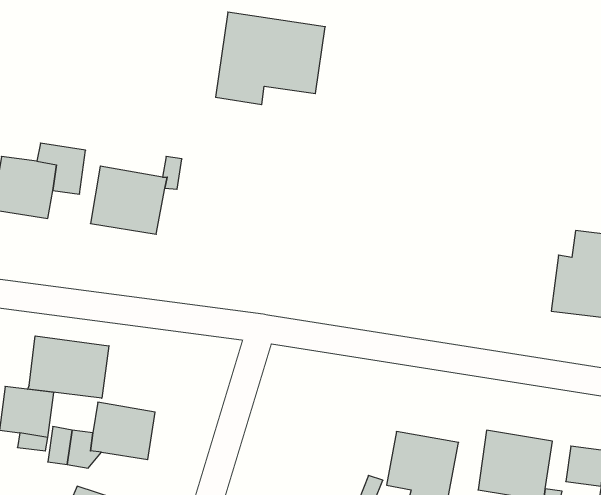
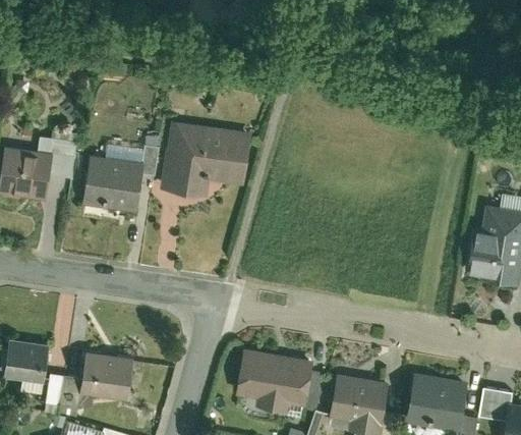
building: [216,12,325,105] -> [162,117,253,195]
building: [28,336,109,398] -> none
building: none -> [234,351,312,416]

